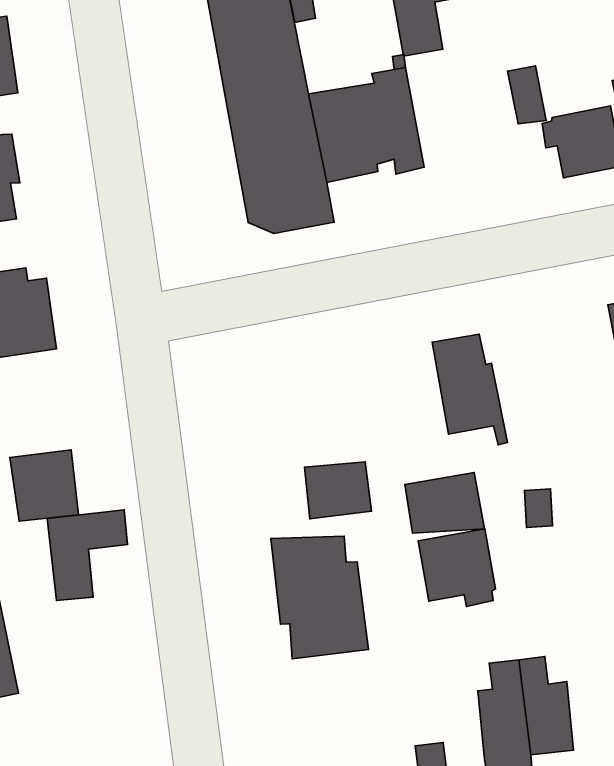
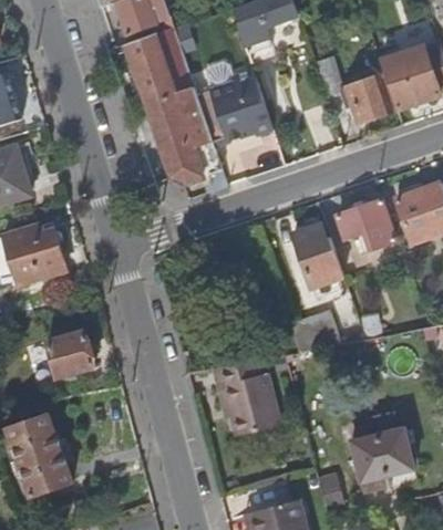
building: none -> [336,198,395,249]
building: [304,462,371,519] -> none
building: [47,510,128,600] -> none
building: [418,529,495,606] -> none

